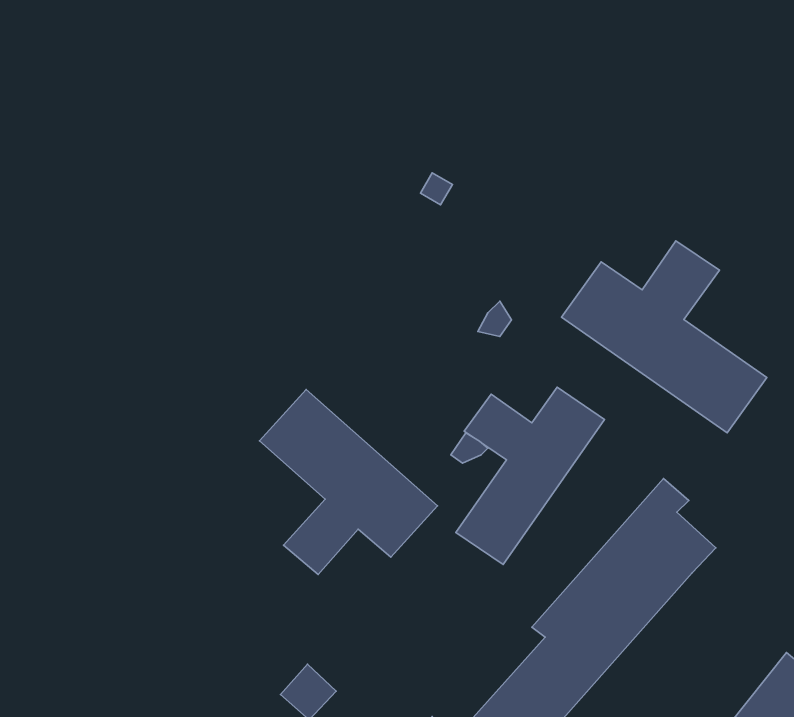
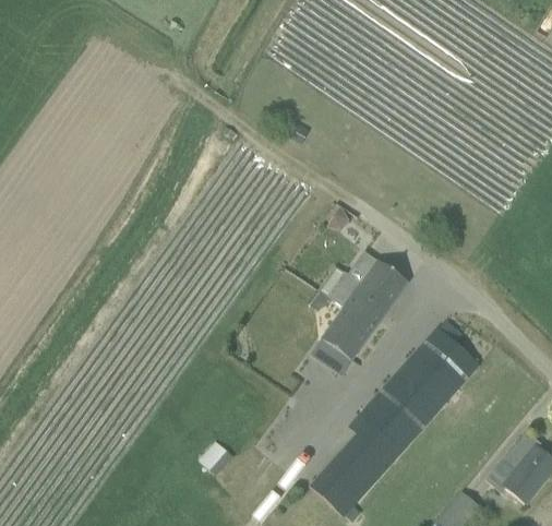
building: [561,241,767,433] -> none
building: [260,389,437,575] -> none

